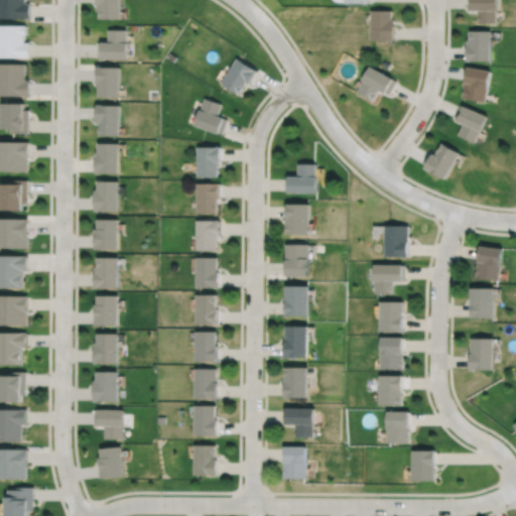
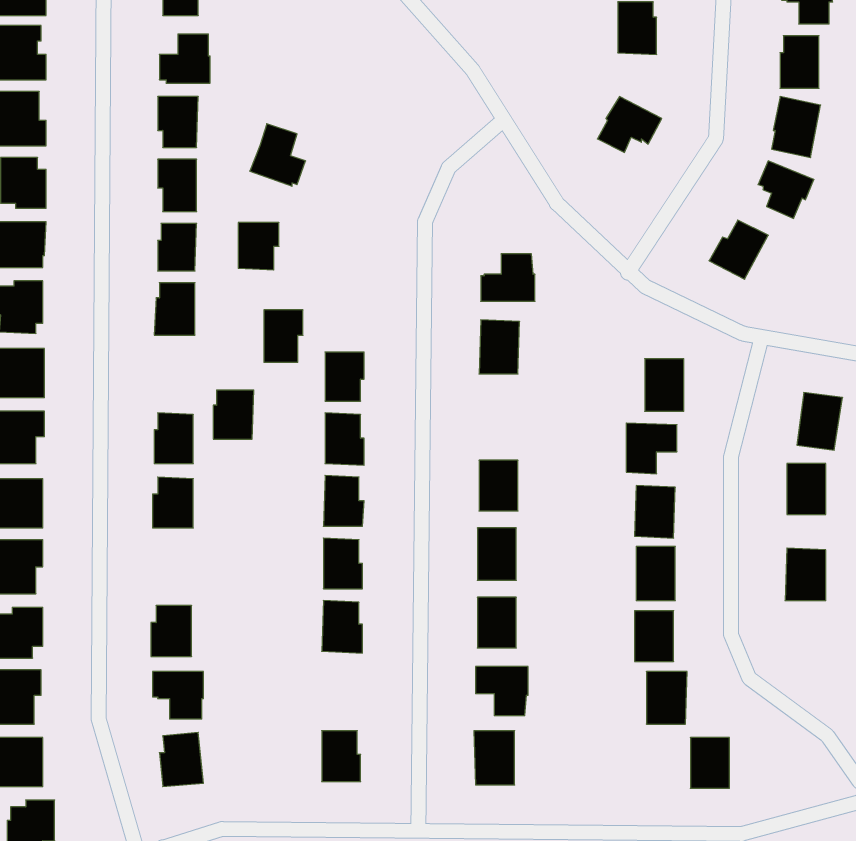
building: [220,59,256,96] -> none
building: [192,99,226,136] -> [250,124,306,186]
building: [196,148,220,176] -> [238,223,279,270]
building: [196,181,219,213] -> [264,310,303,362]
building: [93,220,117,249] -> [213,390,254,439]
building: [285,244,308,275] -> none
building: [92,335,116,364] -> none
building: [192,406,216,436] -> none

